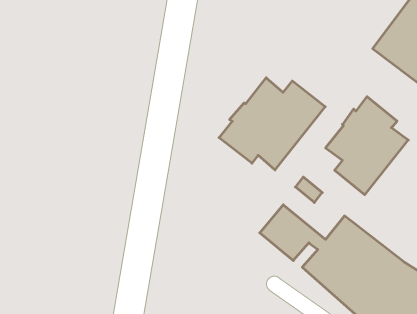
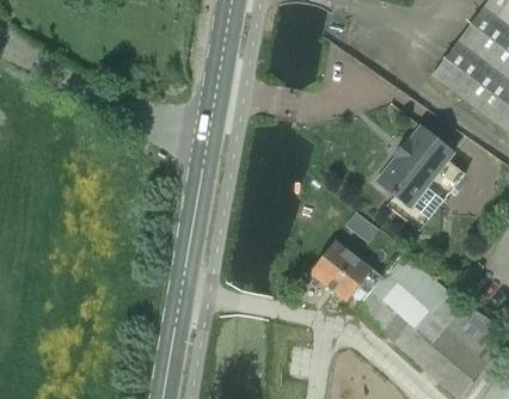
building: [219,78,325,170] -> none

